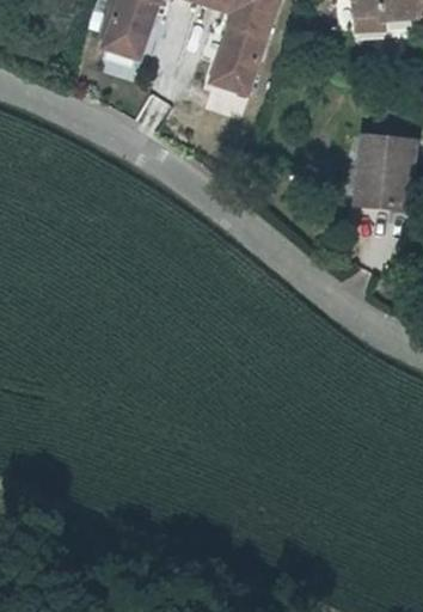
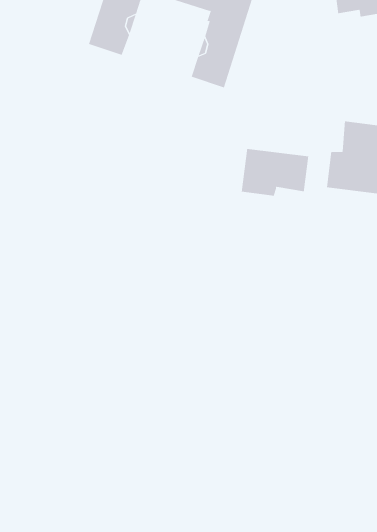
building: none -> [241,148,309,196]

